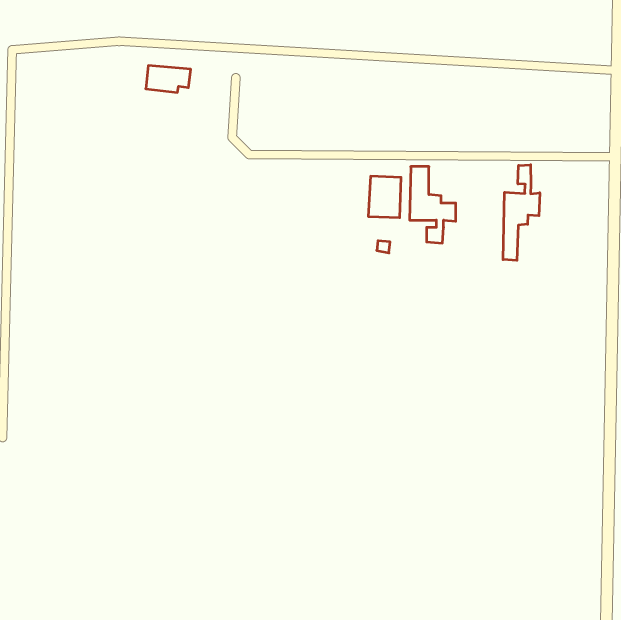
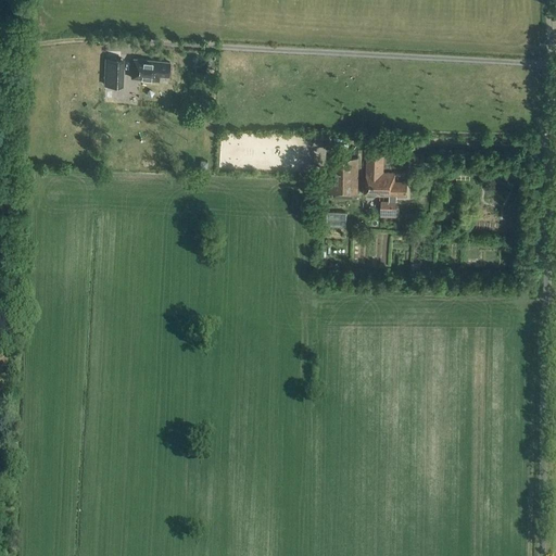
building: none -> [103,60,123,89]
building: [503,165,540,260] -> none

